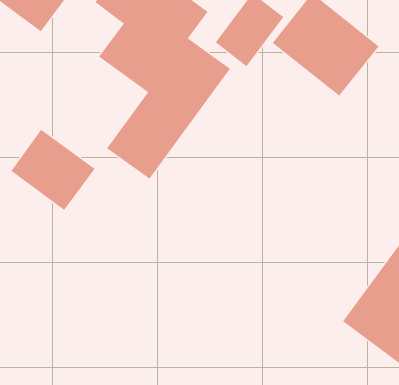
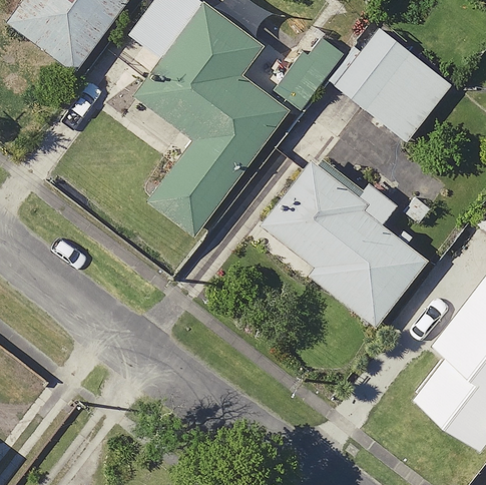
building: none -> [258,161,427,326]
building: [11,129,96,211] -> none

